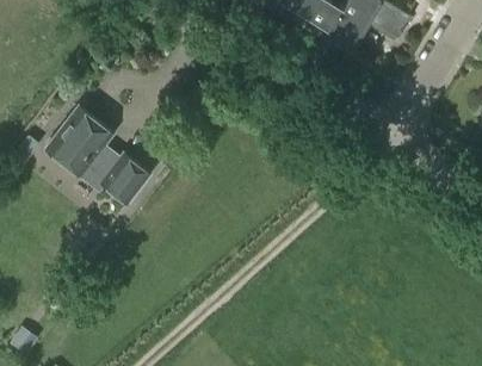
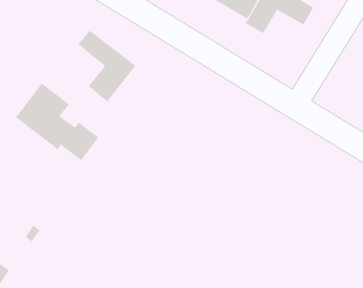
building: none -> [78,30,136,103]

